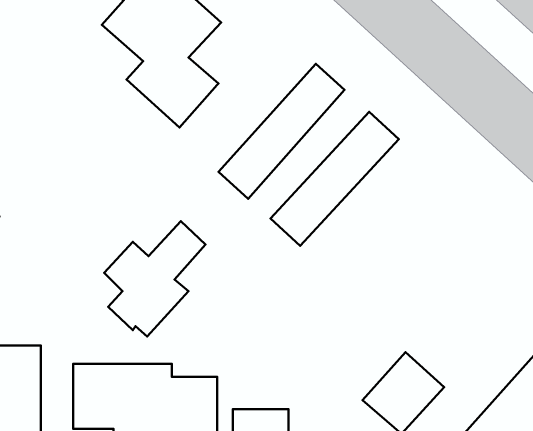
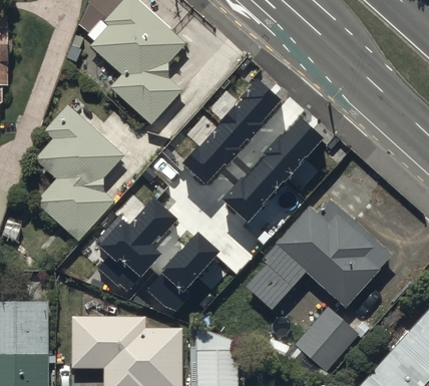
building: none -> [37,111,129,248]
building: none -> [241,204,380,307]
building: none -> [145,237,217,313]

